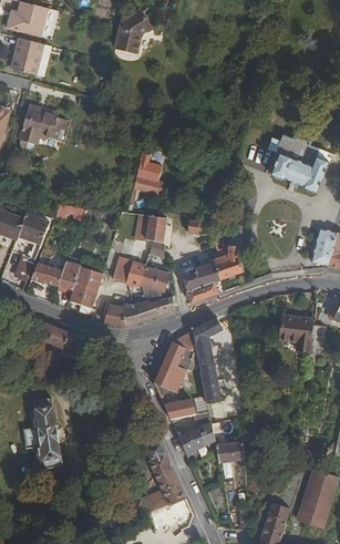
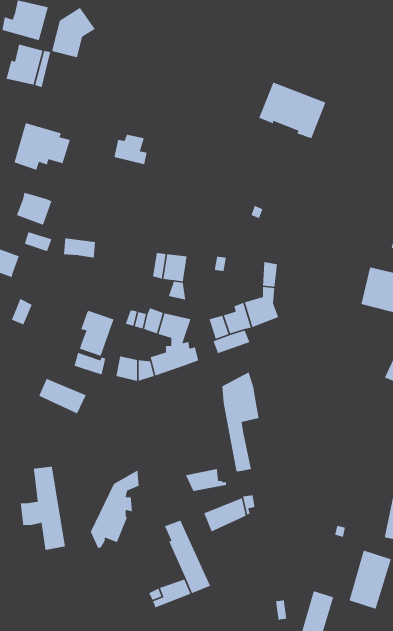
building: [114,8,152,51] -> [51,7,96,58]
building: [270,143,328,192] -> [258,81,326,139]
building: [133,170,162,196] -> [113,134,148,165]
building: [18,214,49,243] -> [16,192,53,226]
building: [31,261,80,291] -> none
building: [274,315,313,351] -> none
building: [153,329,195,397] -> [90,469,139,549]
building: [215,441,243,461] -> none

